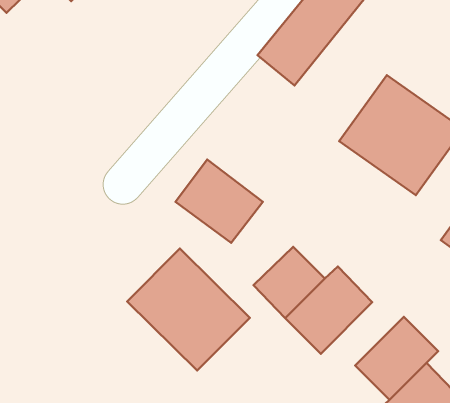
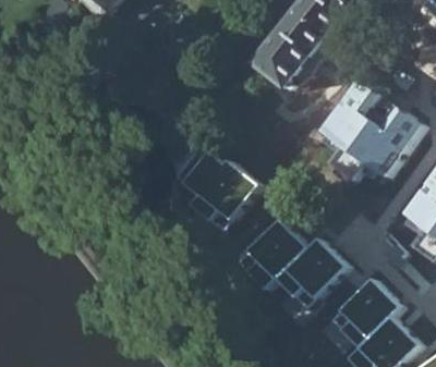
building: [127,249,250,371] -> none

